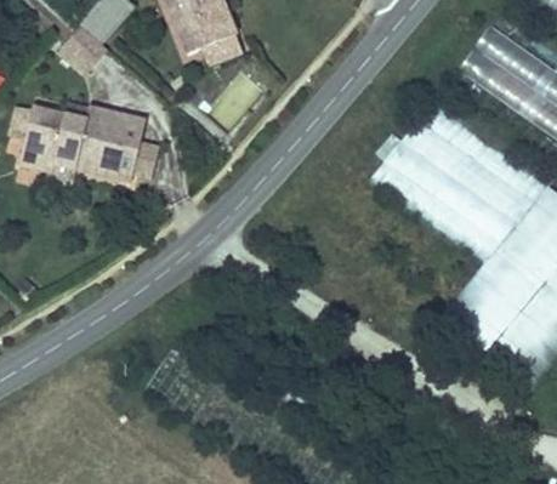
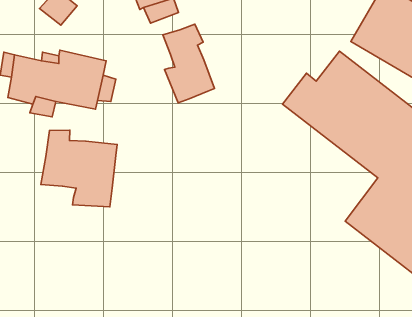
building: none -> [163,24,214,103]
building: none -> [41,130,117,207]

